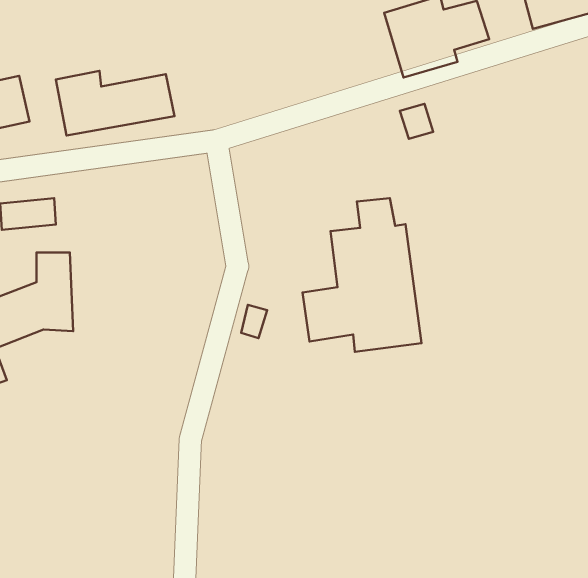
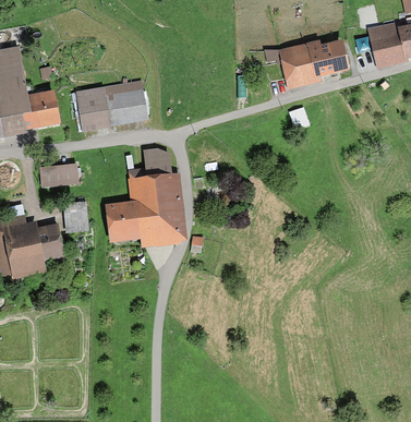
building: [303,198,421,352] -> [107,150,181,246]

